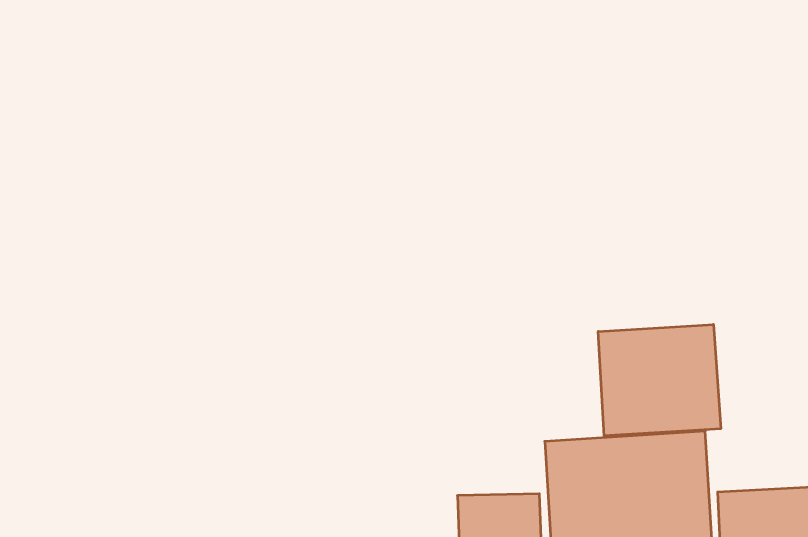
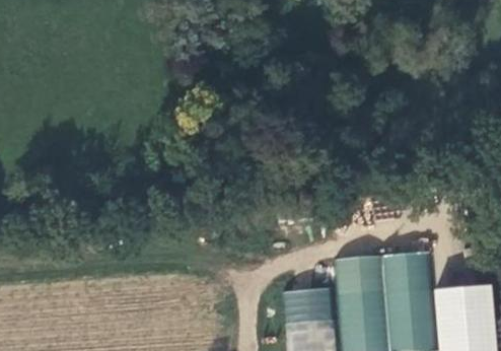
building: [598,324,721,436] -> none

